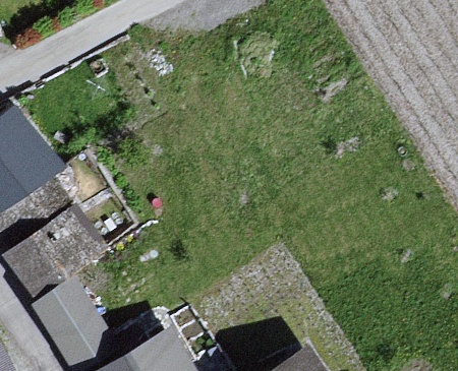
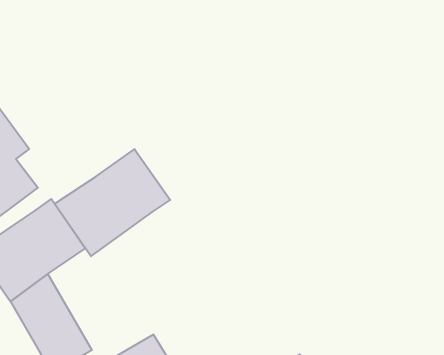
building: none -> [55,149,170,256]

